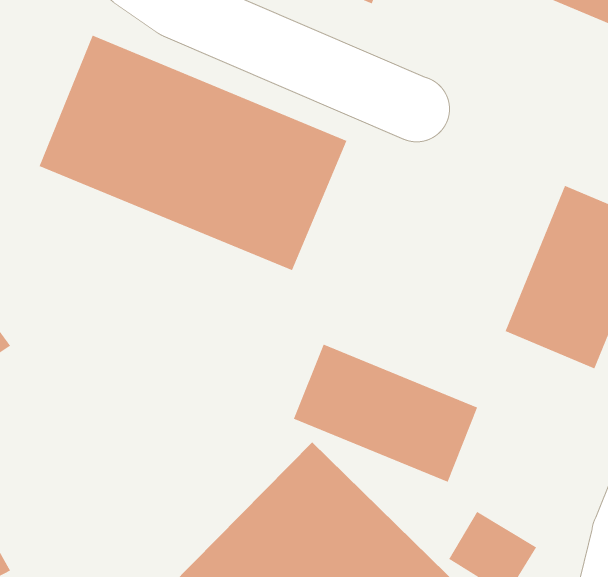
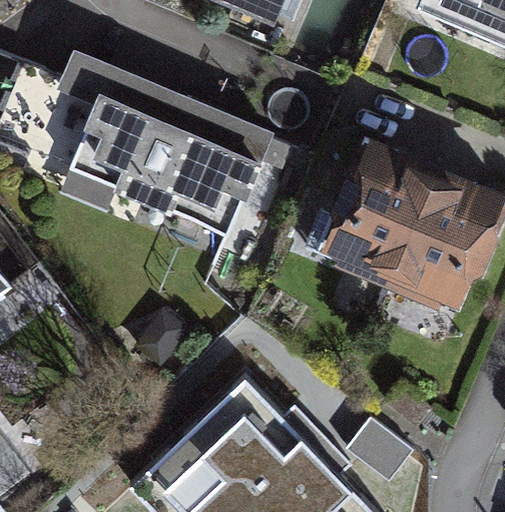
building: none -> [326,143,441,284]
building: [293,343,478,483] -> none

